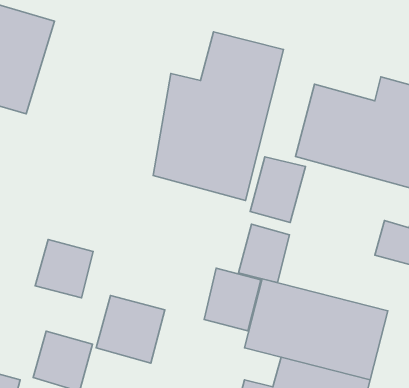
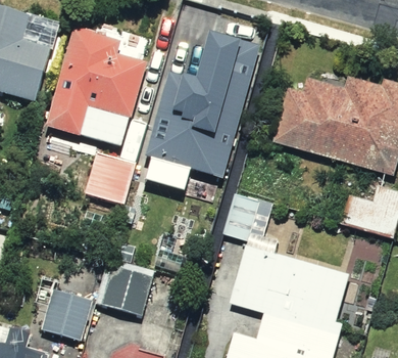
building: none -> [49,28,149,144]
building: [250,157,306,222] -> none
building: [35,240,93,298] -> [87,153,137,204]
building: [204,268,261,331] -> none

